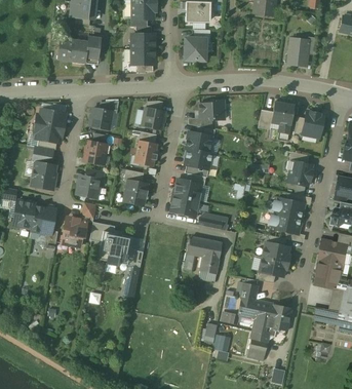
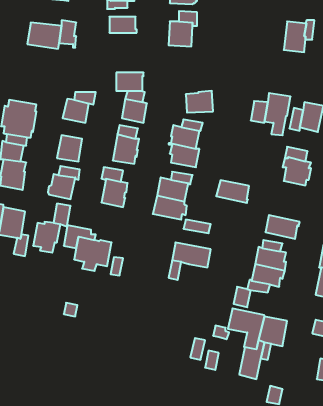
building: [130,48,155,65] -> [116,73,144,91]
building: [274,198,304,219] -> [216,180,249,203]
building: [198,257,219,282] -> none

